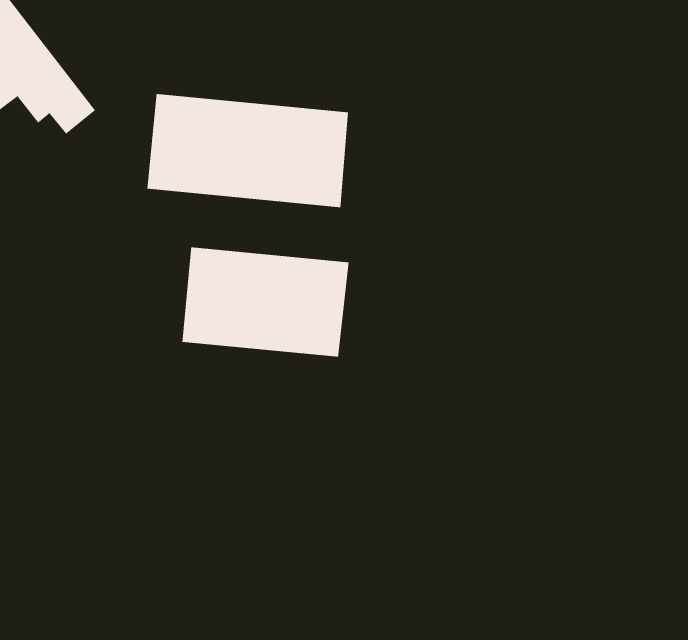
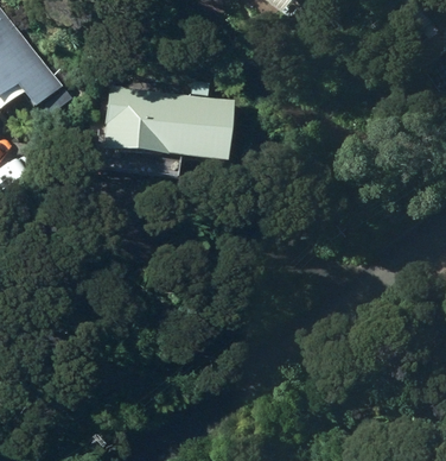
building: [182,247,349,358] -> none

